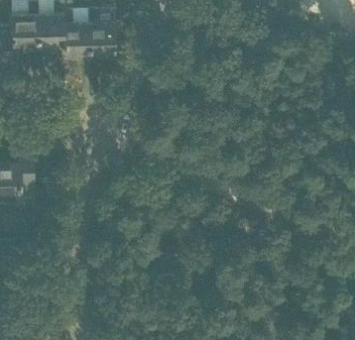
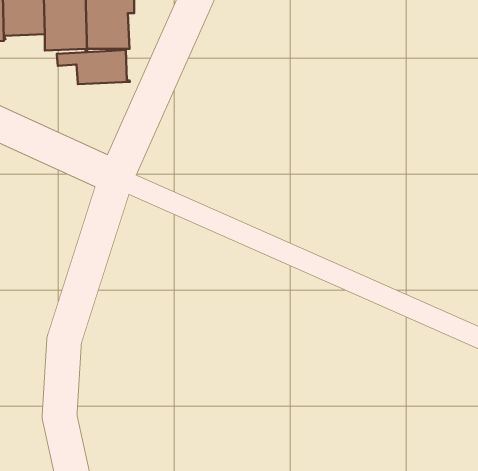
building: none -> [57,50,130,84]

